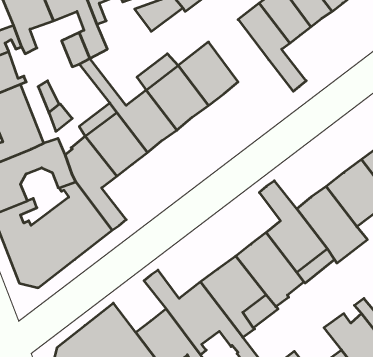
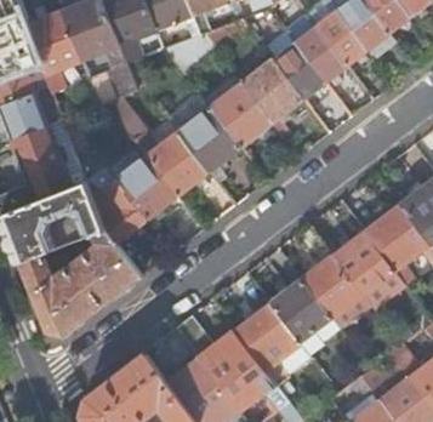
building: none -> [241,58,303,122]

